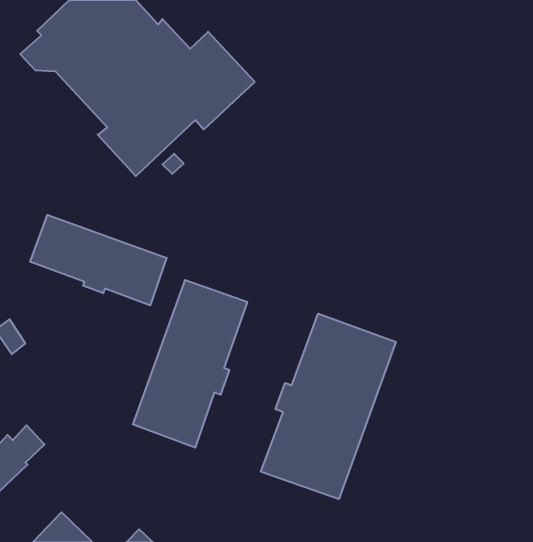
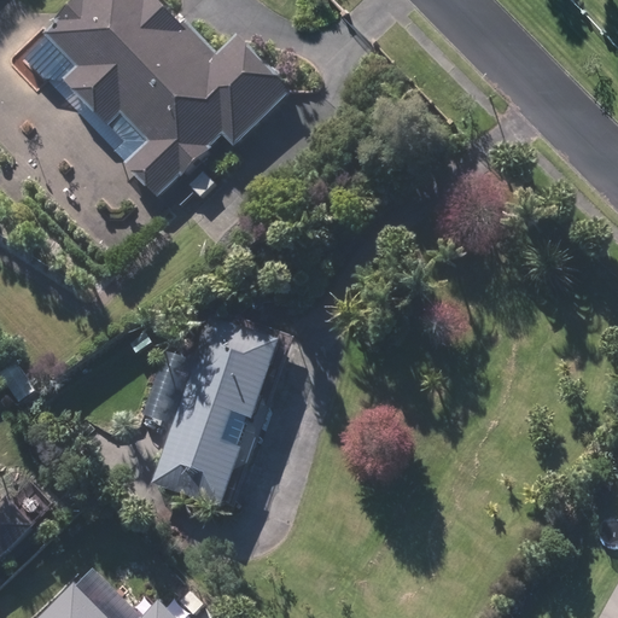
building: [30,215,167,305] -> none
building: [261,314,396,499] -> none

